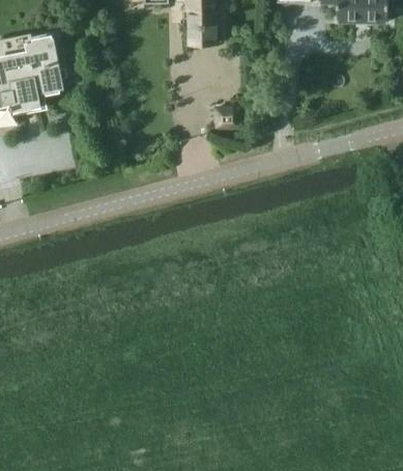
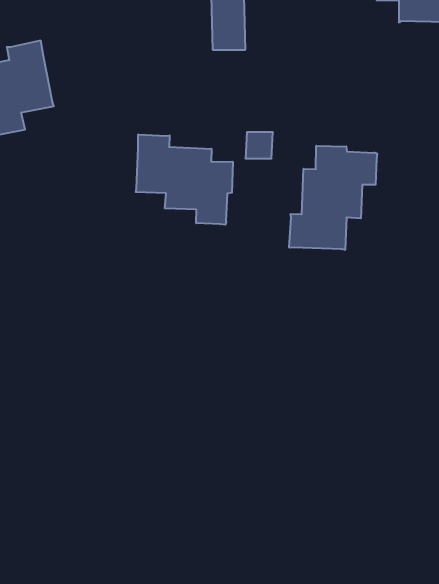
building: none -> [136,134,233,225]
building: none -> [289,146,377,250]

